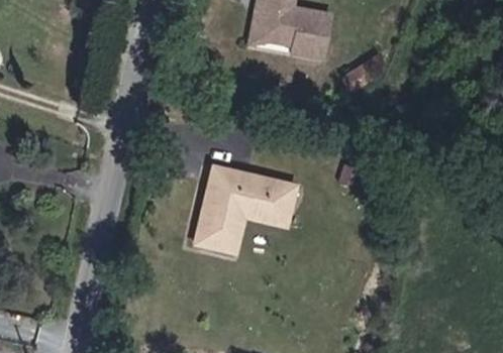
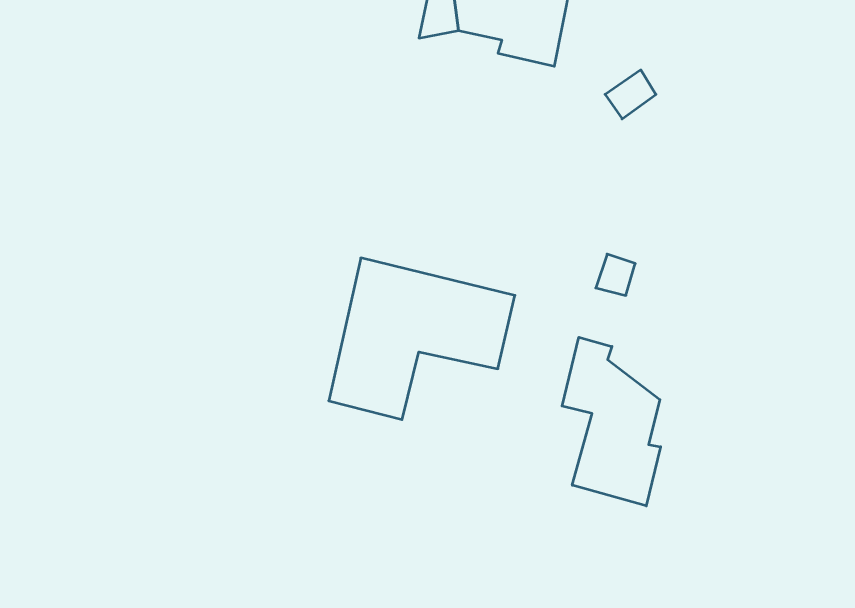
building: none -> [562,337,661,506]

